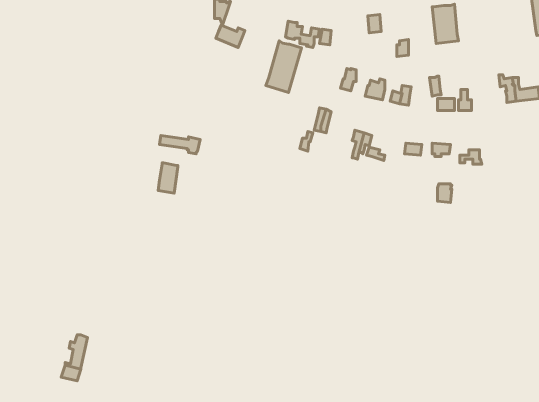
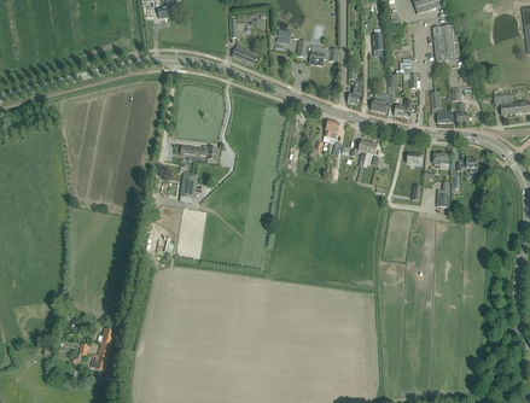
building: [266,41,301,92] -> none

